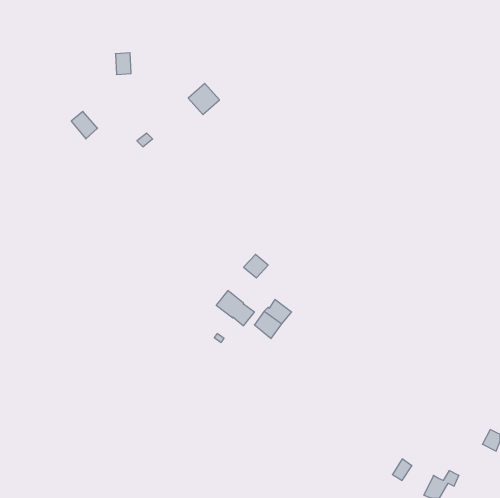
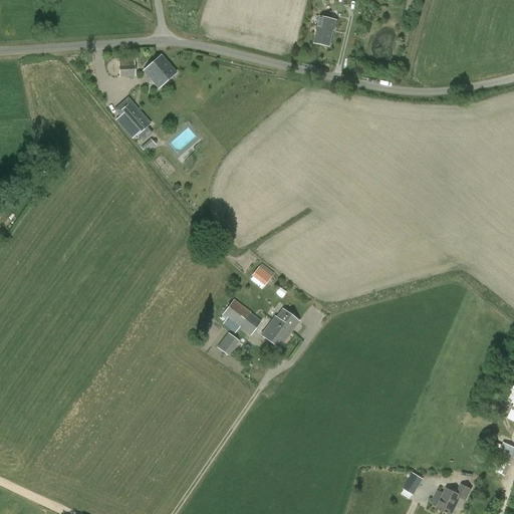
building: none -> [314,15,336,45]
building: [188,83,219,115] -> [144,54,176,86]
building: [71,111,98,139] -> [122,105,150,134]

